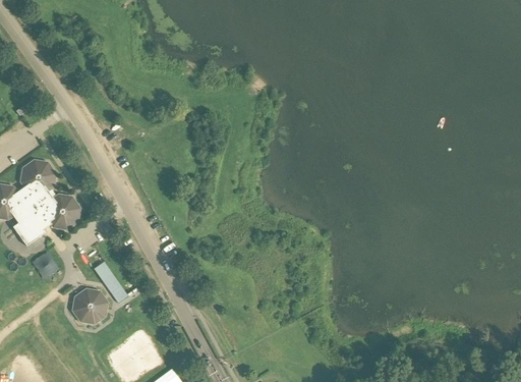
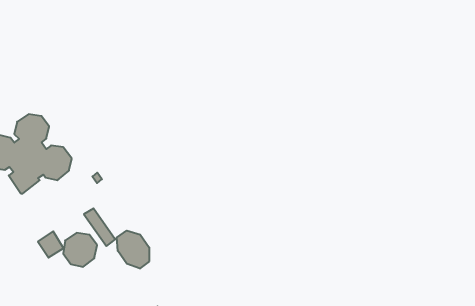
building: [33,251,60,279] -> [38,231,63,258]
building: none -> [117,231,149,269]

